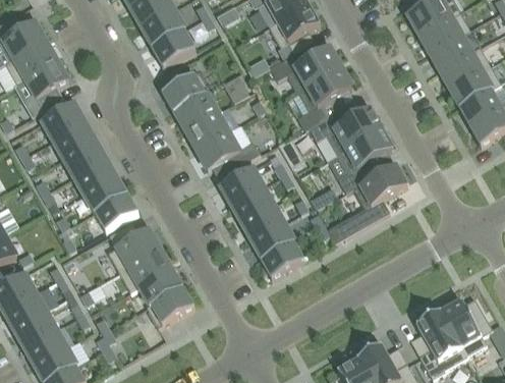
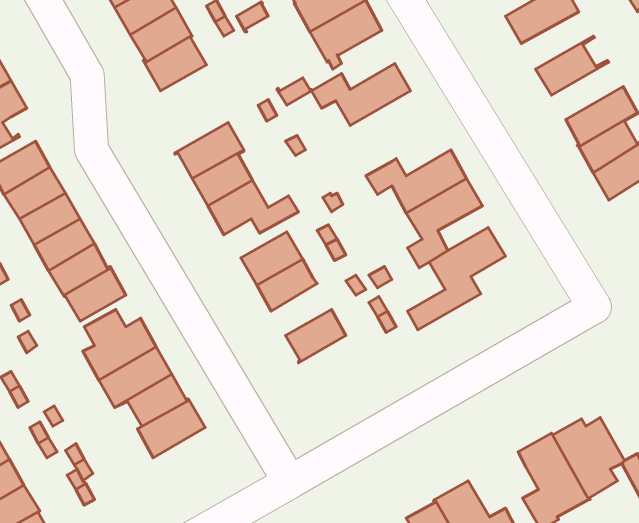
building: [417,10,468,51] -> none
building: [439,46,490,87] -> none
building: [296,66,350,128] -> none
building: [161,69,210,110] -> none
building: [240,203,283,239] -> none
building: [260,239,303,277] -> none

